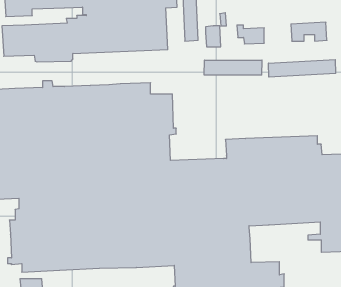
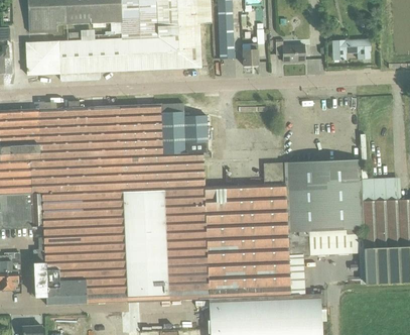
building: [269,60,336,77] -> none
building: [204,60,262,75] -> none

